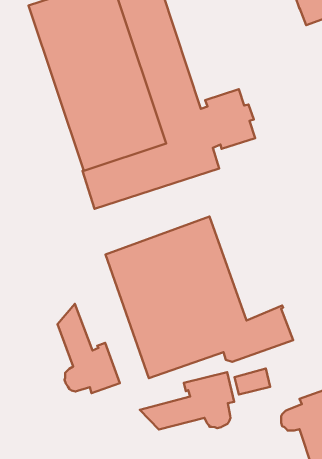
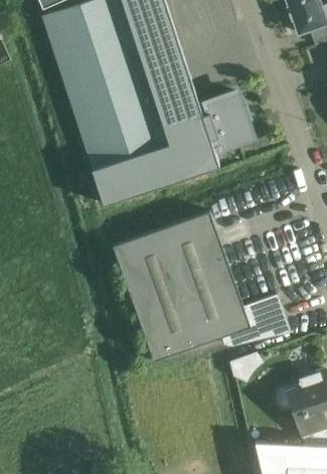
building: [57,304,120,393] -> none
building: [140,372,234,430] -> none

